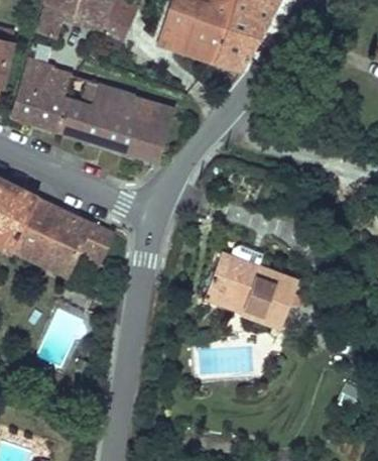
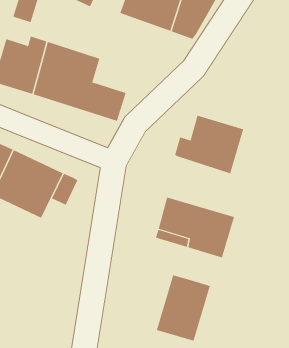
building: [128,92,175,131] -> none
building: none -> [175,115,244,174]
building: none -> [156,274,211,341]

